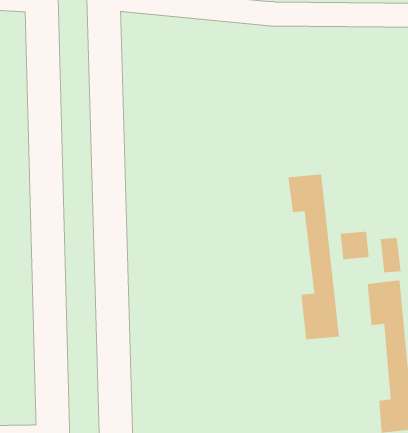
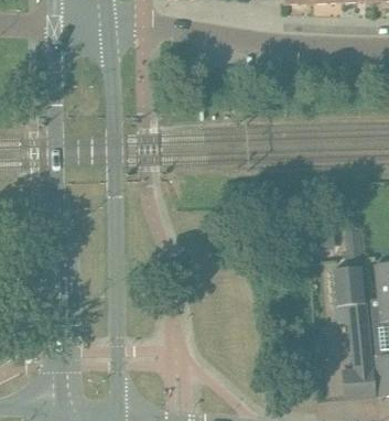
building: [287,174,340,340] -> none

